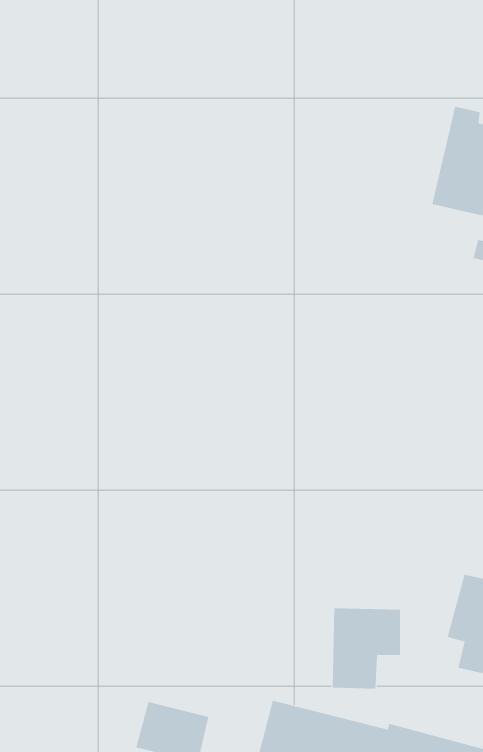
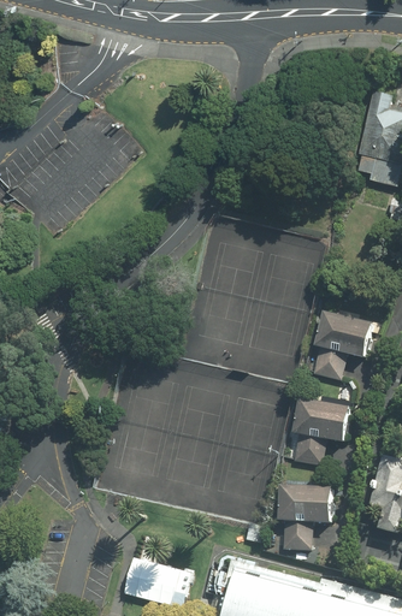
building: none -> [305,312,371,380]
building: none -> [285,398,349,467]

